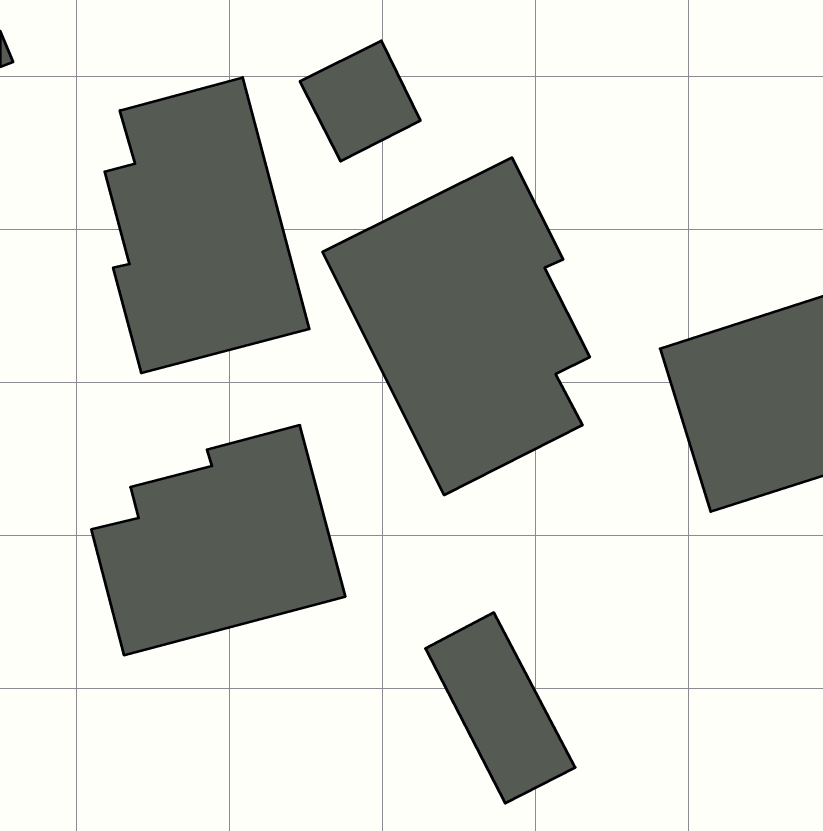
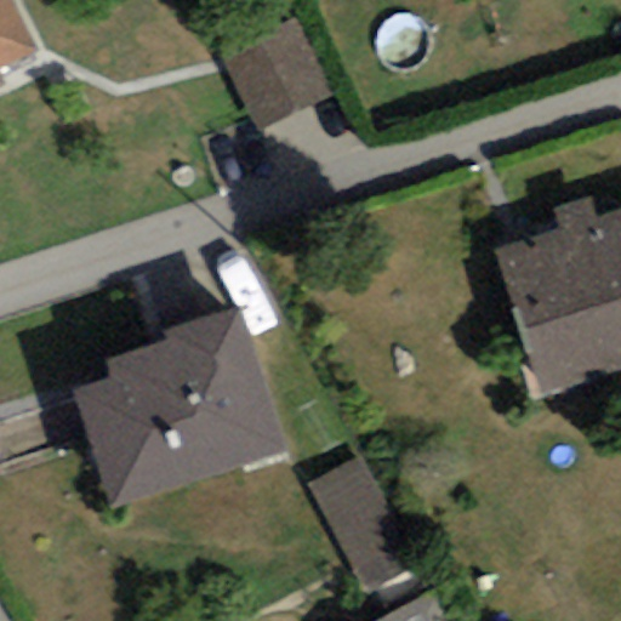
building: [105,77,309,373] -> none
building: [323,158,590,495] -> none

